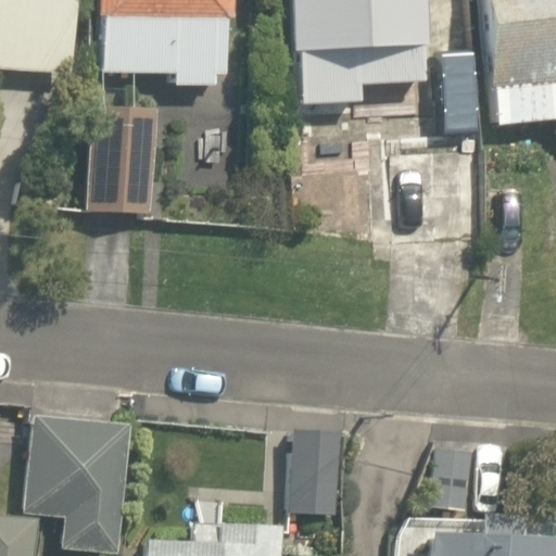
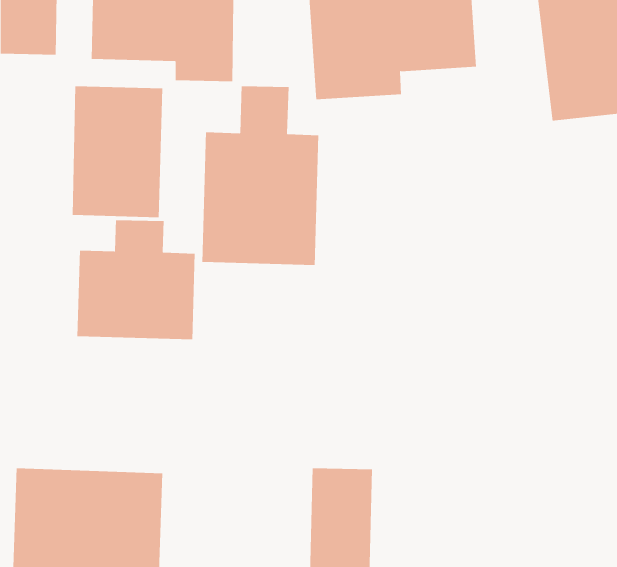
building: none -> [202,85,319,266]
building: none -> [77,219,195,340]

